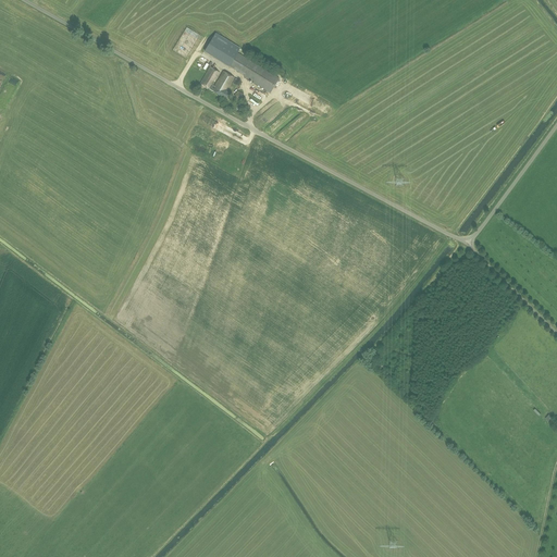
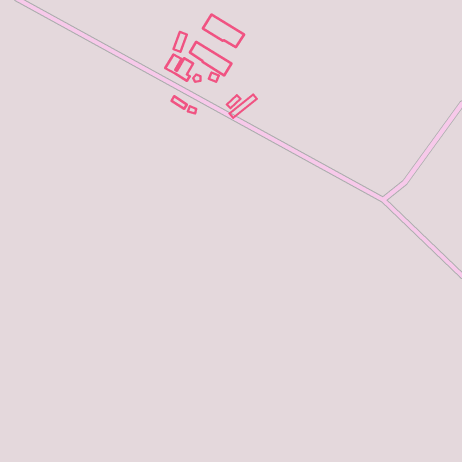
building: none -> [203,14,244,47]

